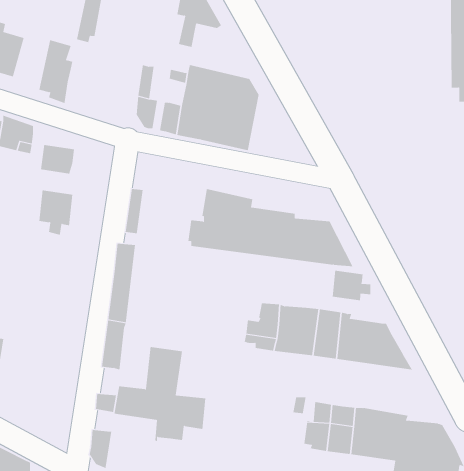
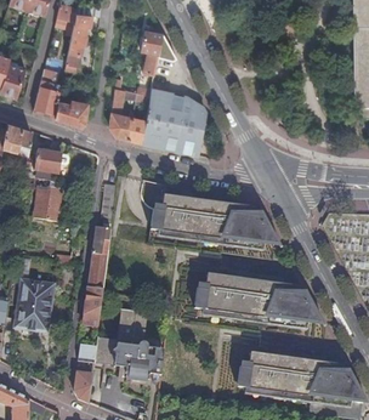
building: none -> [56,101,89,129]
building: [332,270,371,301] -> none
building: none -> [16,280,52,330]

